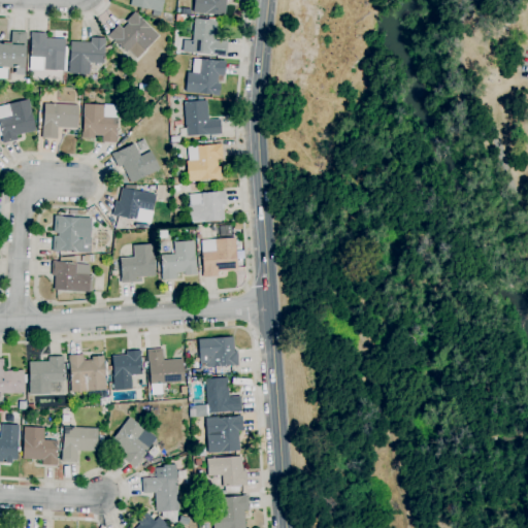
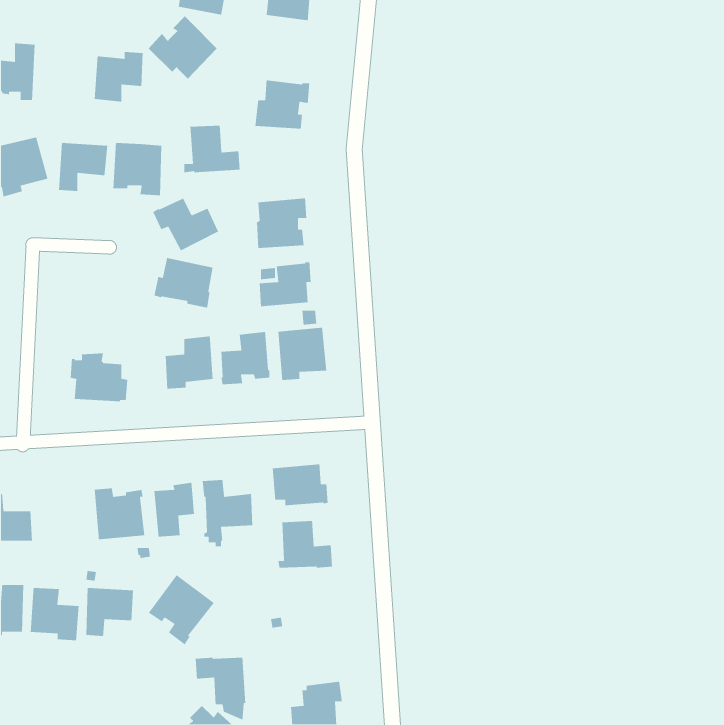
building: [193,18,229,56] -> none
building: [31,32,67,71] -> none
building: [182,100,223,135] -> [184,125,241,173]
building: [55,216,92,252] -> none
building: [31,356,65,394] -> none
building: [206,415,244,453] -> none
building: [208,456,249,494] -> none

